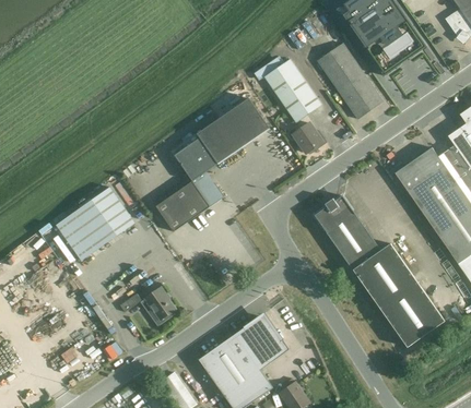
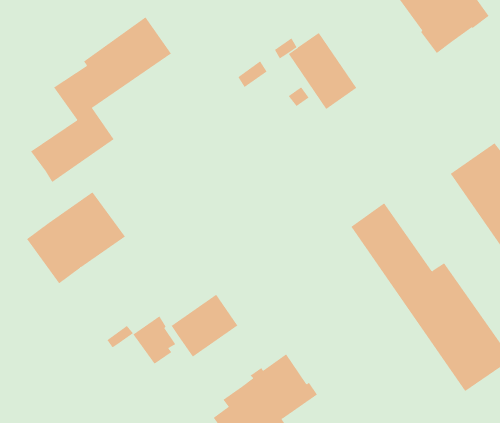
building: [317,41,382,118] -> none
building: [155,97,269,230] -> [30,17,172,183]
building: [293,122,327,153] -> none
building: none -> [171,294,238,358]

